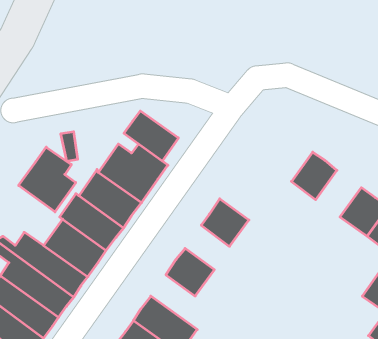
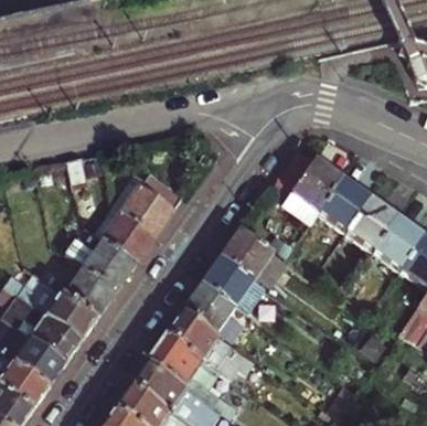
building: [124,111,178,161] -> none
building: none -> [277,148,343,212]
building: [19,147,76,212] -> none
building: none -> [346,200,396,251]
building: none -> [204,259,268,318]
building: none -> [167,313,252,375]

